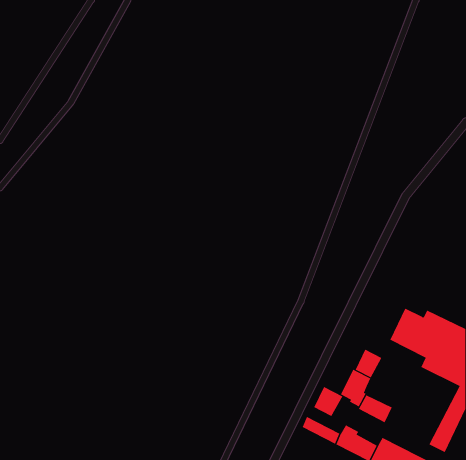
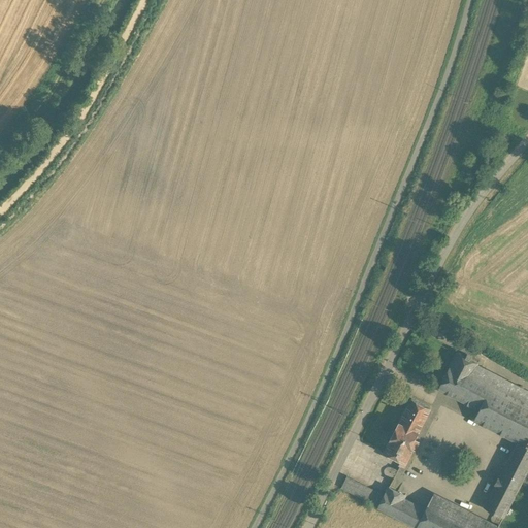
building: [313,386,343,417] -> none
building: [358,394,393,423] -> none

